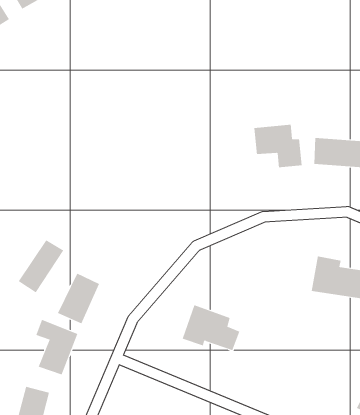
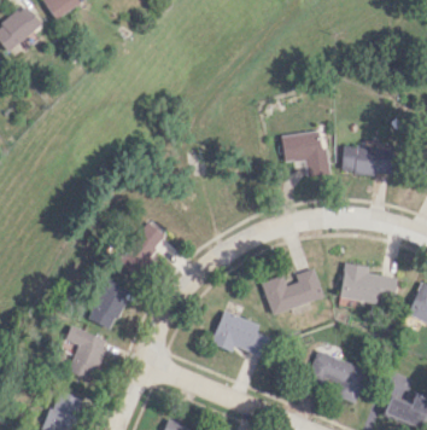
building: [18,240,64,293] -> [121,222,166,275]
building: none -> [262,268,323,314]
building: none -> [305,350,369,402]

